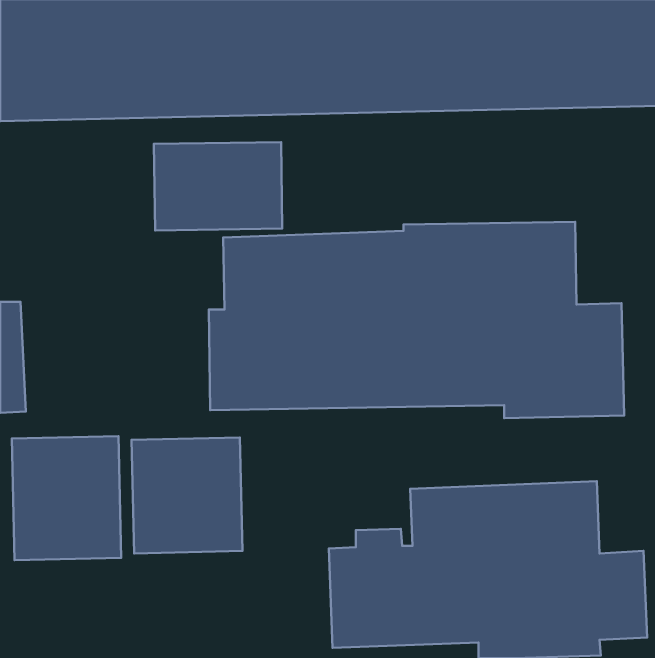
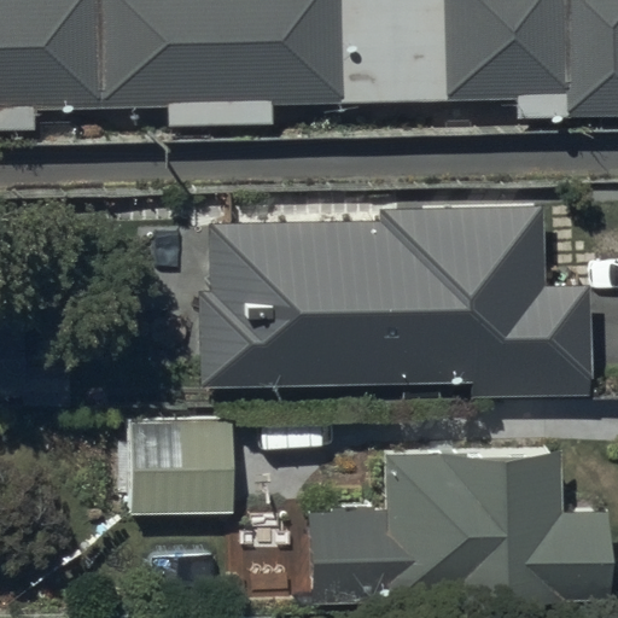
building: [154,142,282,230] -> none
building: [12,436,121,560] -> none

